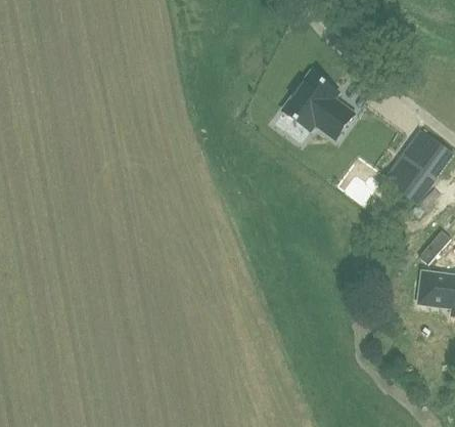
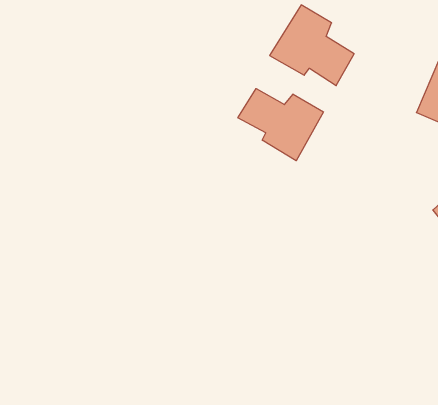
building: none -> [238,89,323,161]

